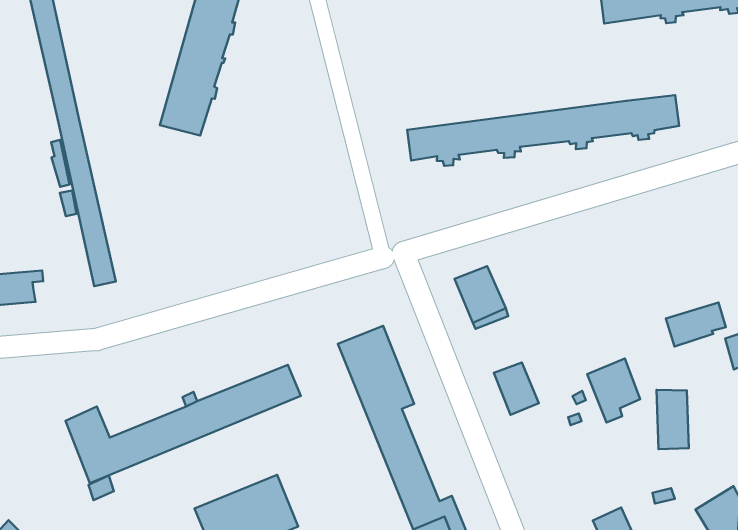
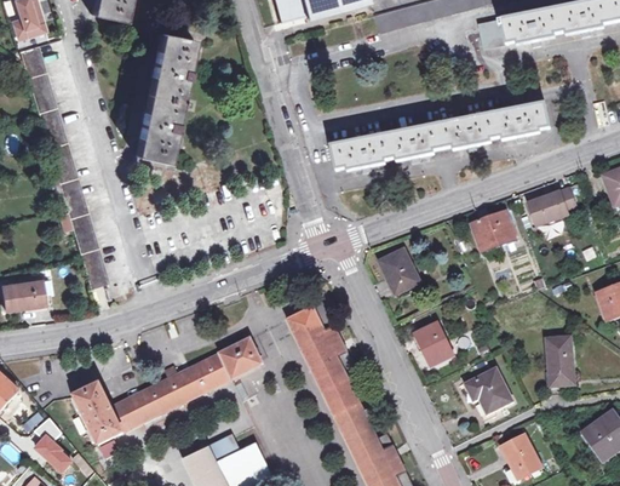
building: none -> [472,212,515,251]
building: [666,302,726,346] -> [528,188,576,225]
building: [587,359,640,423] -> [466,368,510,421]
building: none -> [34,416,71,470]

